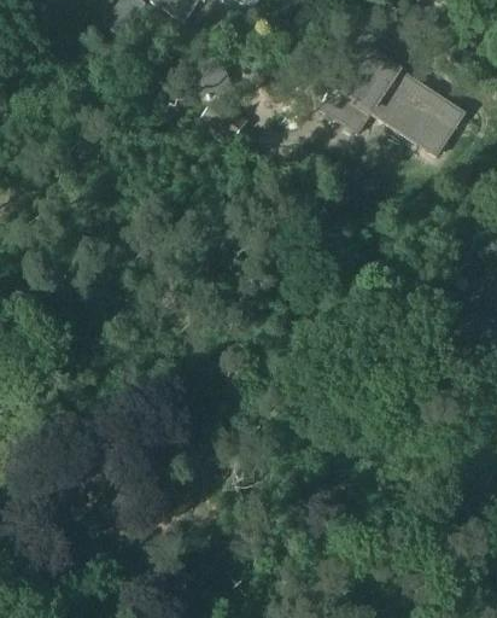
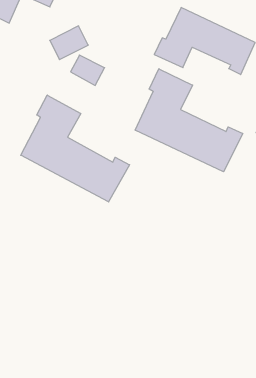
building: none -> [135,69,243,172]
building: none -> [21,95,130,202]

